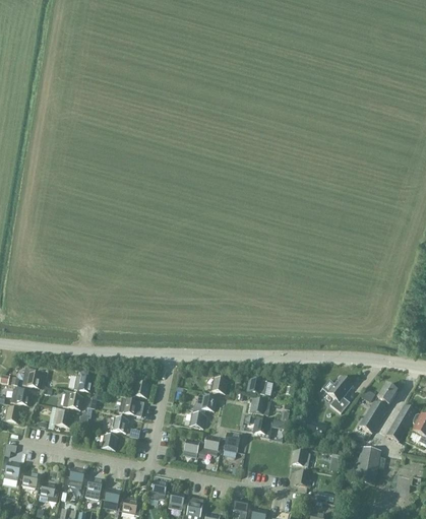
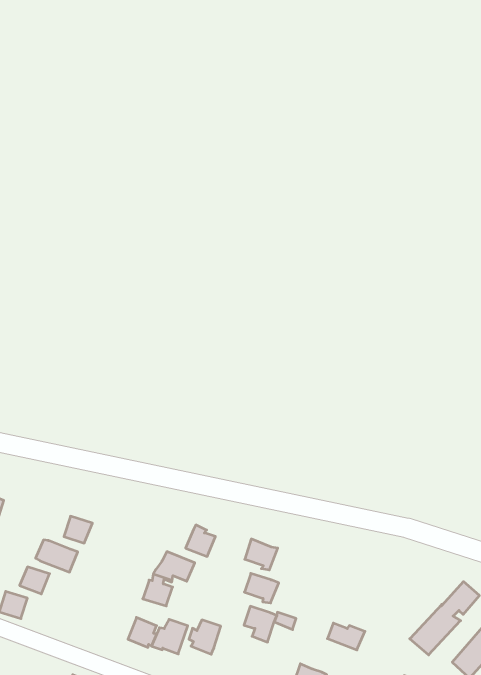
building: [323,375,352,412] -> none

